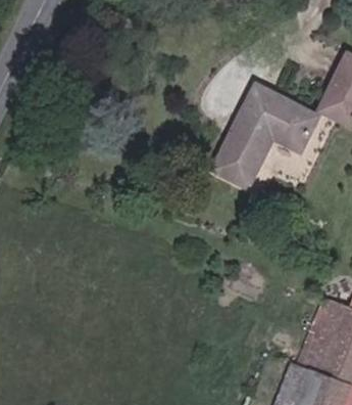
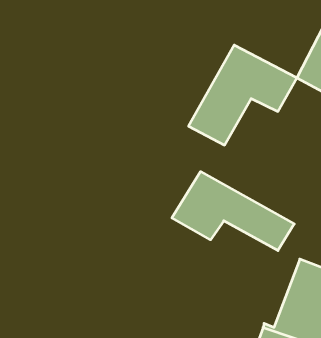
building: none -> [172,172,294,251]

